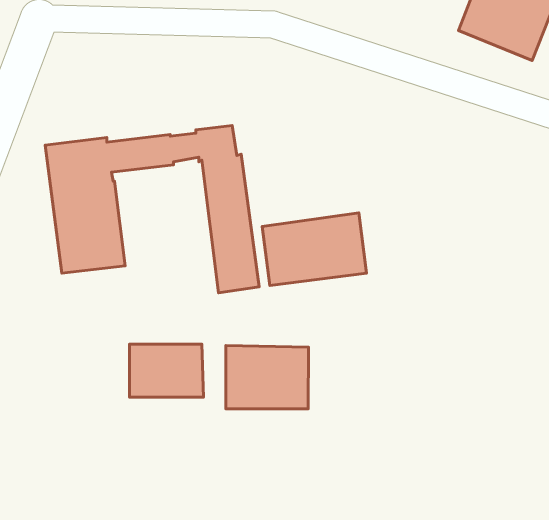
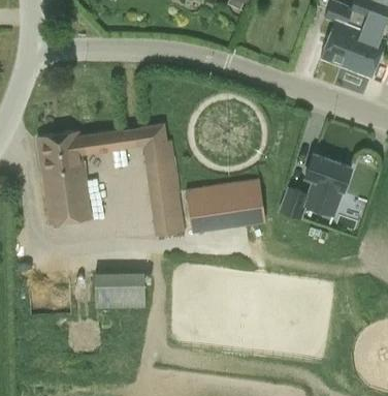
building: none -> [279,155,350,219]
building: [226,346,308,409] -> none

